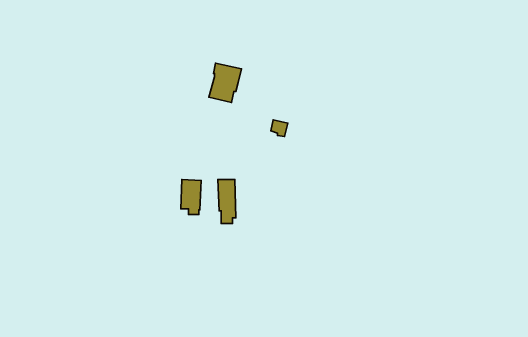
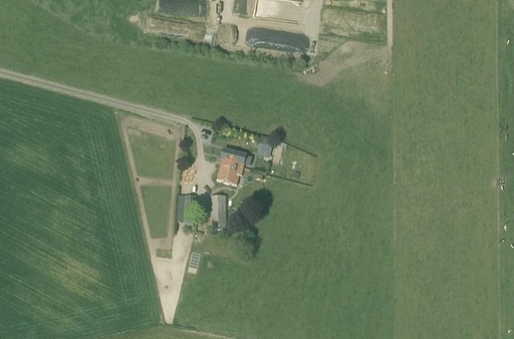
building: [209,63,242,103] -> [217,148,246,184]

